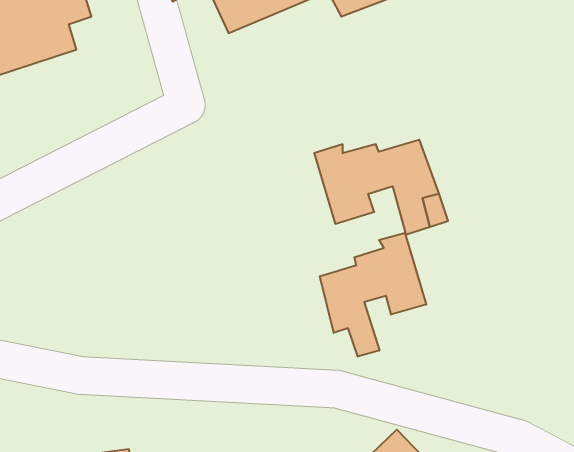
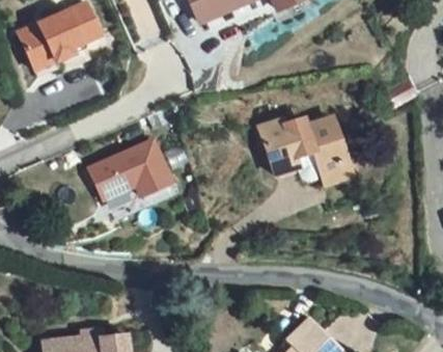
building: none -> [78,139,159,197]
building: [320,233,426,357] -> none

